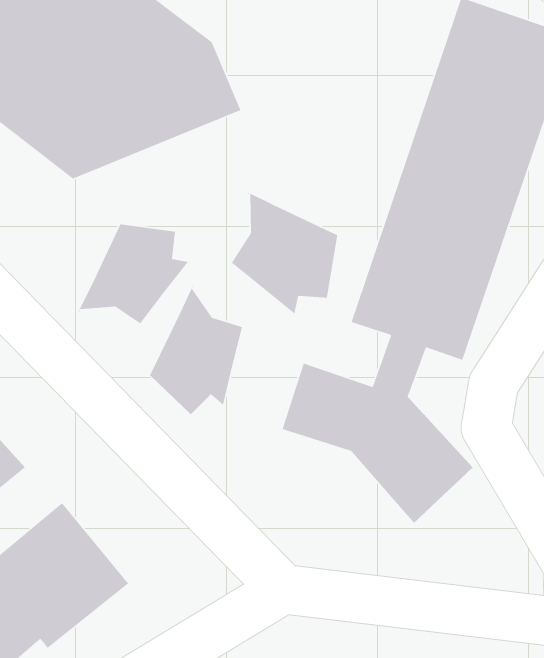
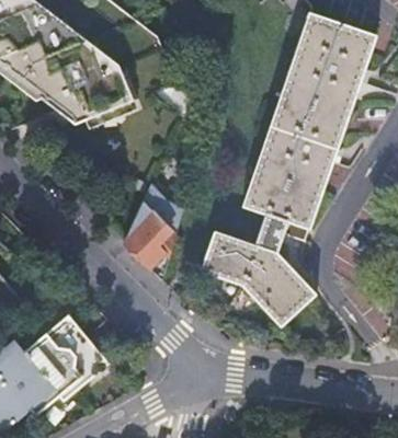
building: [229,191,338,315] -> none
building: [78,224,189,326] -> none

